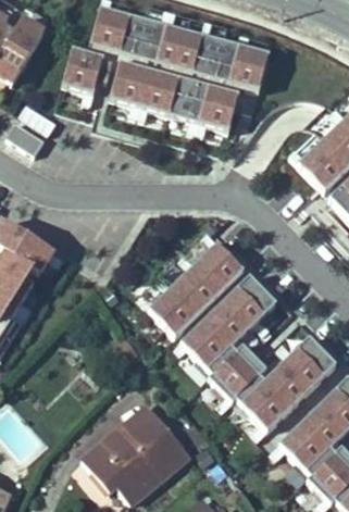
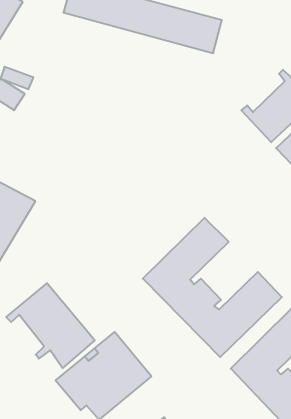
building: [62,47,238,129] -> none
building: [149,242,245,335] -> none
building: none -> [6,283,95,368]

